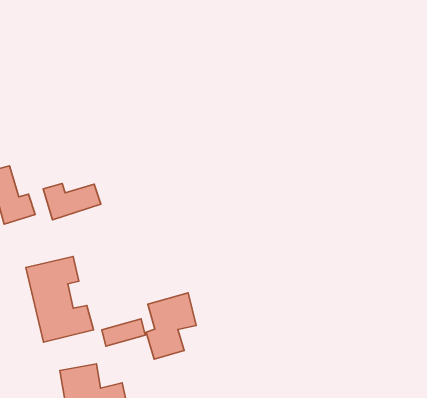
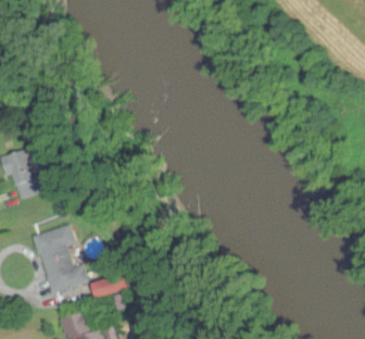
building: [43,183,101,220] -> none
building: [146,293,196,359] -> none

